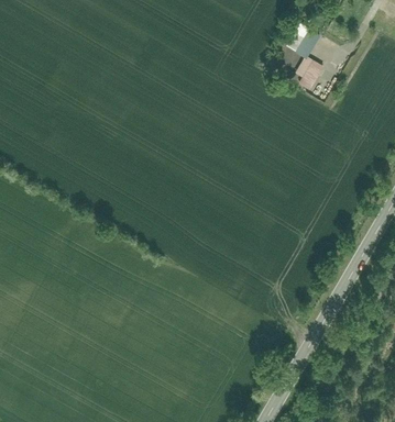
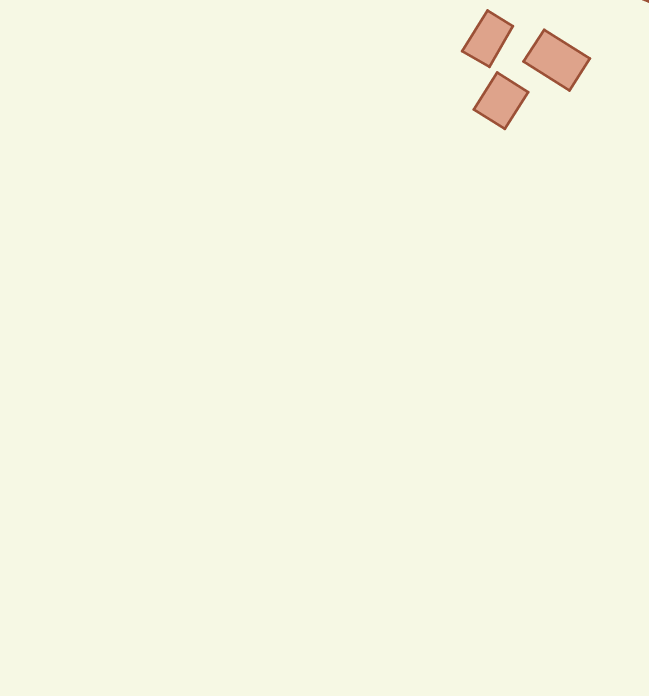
building: none -> [524,30,590,91]

